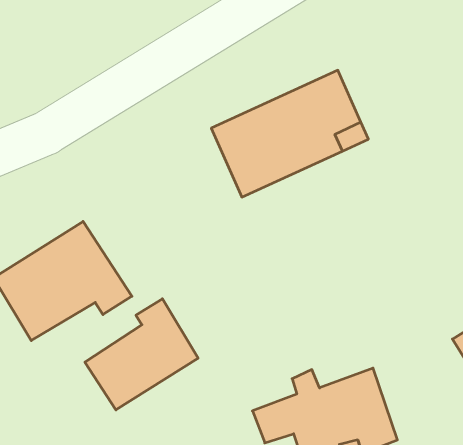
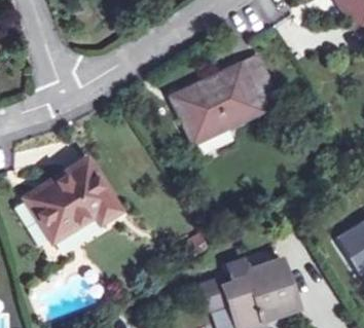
building: [85,299,198,410] -> none

